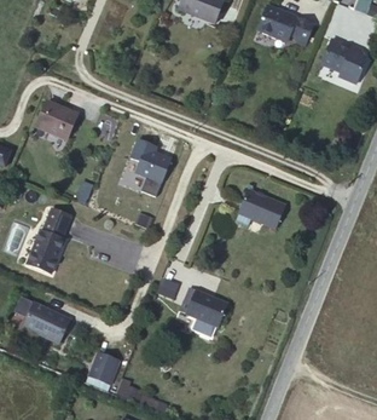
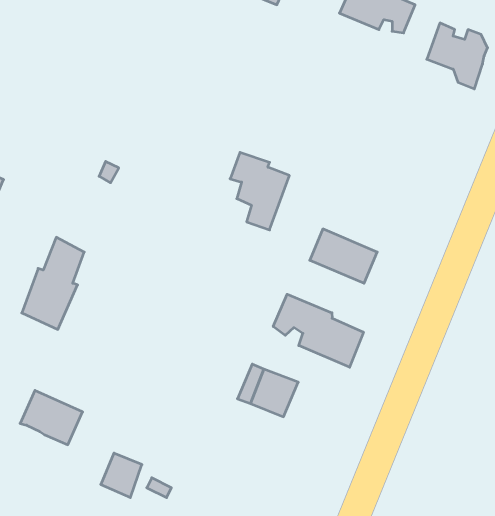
building: [40,104,81,142] -> none
building: [128,131,172,188] -> [230,152,289,230]
building: none -> [273,294,363,367]

